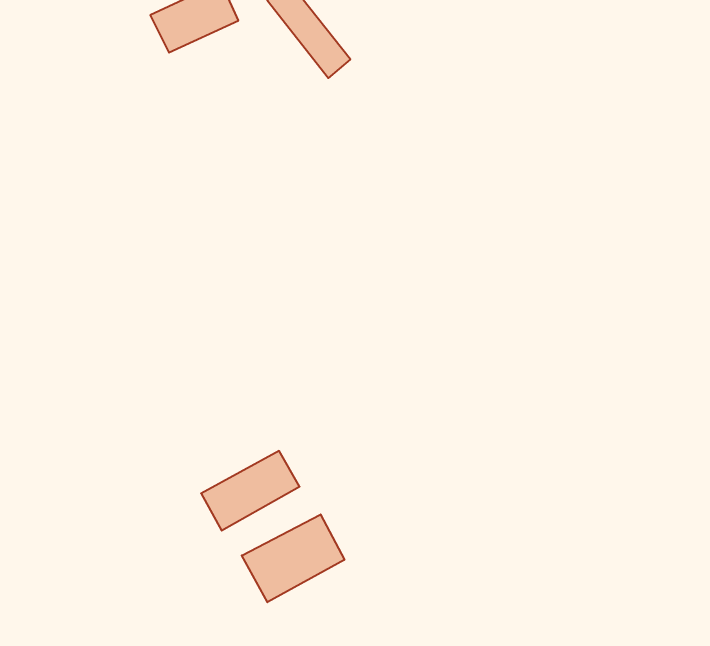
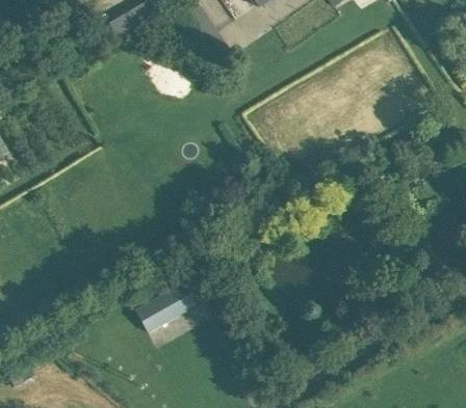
building: [242,514,344,602] -> none

